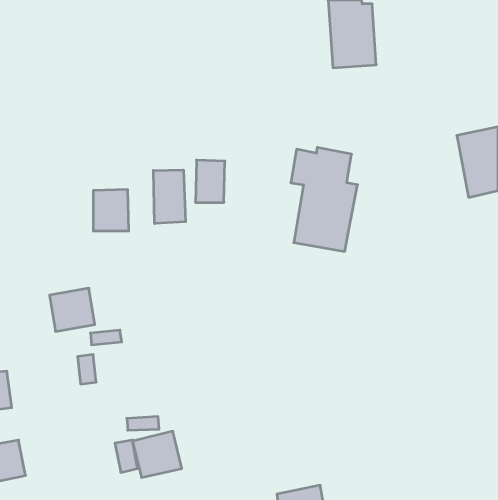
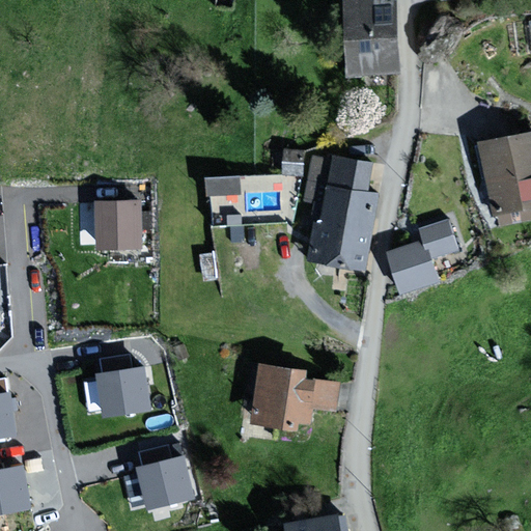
building: [153,170,186,224] -> none
building: none -> [387,223,453,294]
building: [50,288,95,331] -> [101,368,148,414]
building: none -> [254,366,334,428]

